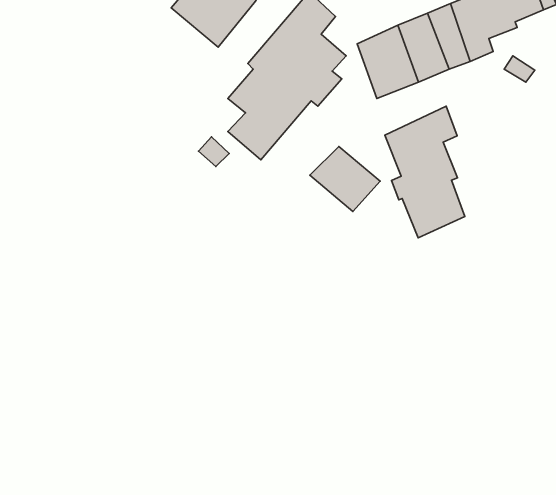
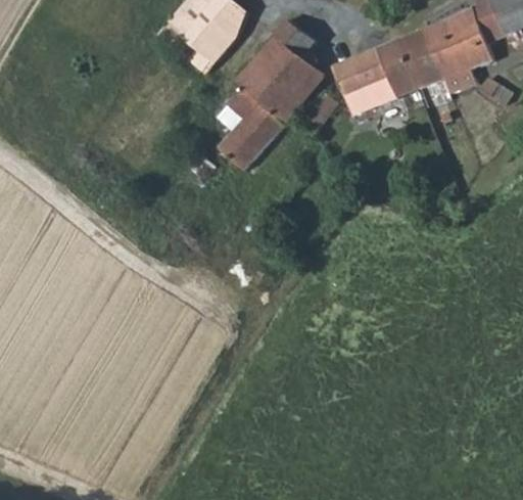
building: [385,106,465,238] -> none
building: [310,146,380,212] -> none

